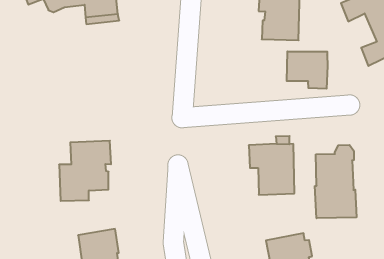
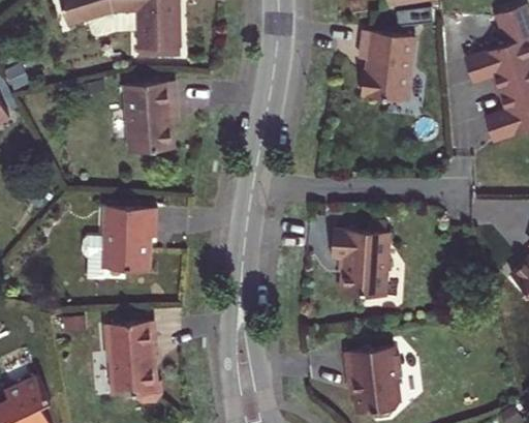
building: none -> [125,81,177,152]
building: [287,51,328,89] -> none
building: [315,145,356,218] -> none

